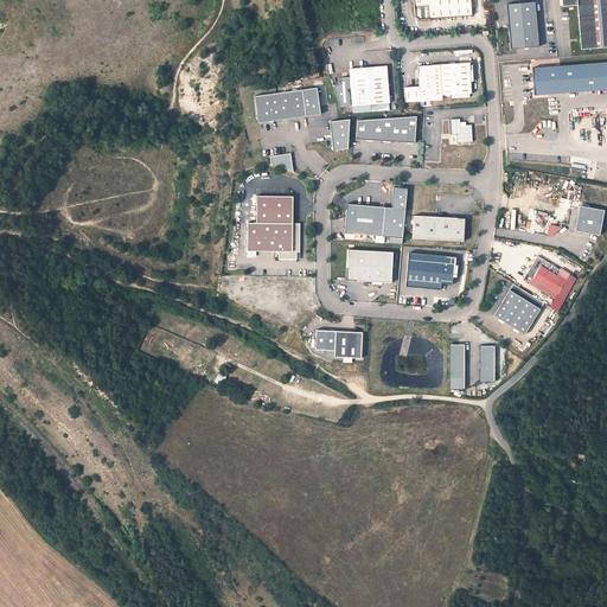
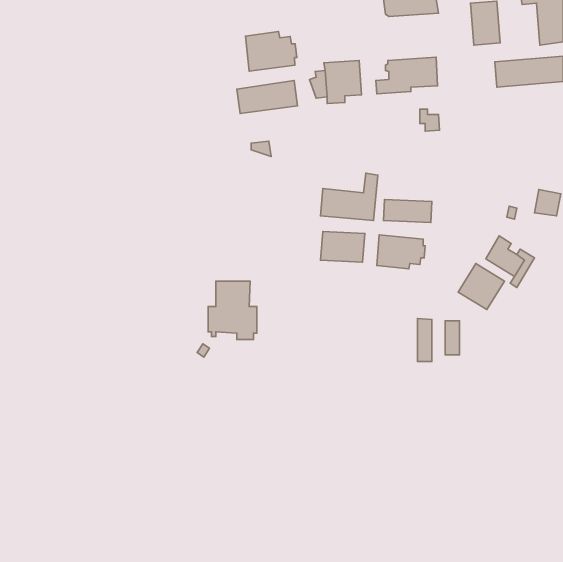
building: none -> [245,32,297,71]
building: [356,116,416,142] -> none
building: [330,119,350,149] -> none
building: [248,194,300,257] -> [208,281,257,340]
building: [317,330,362,358] -> none

